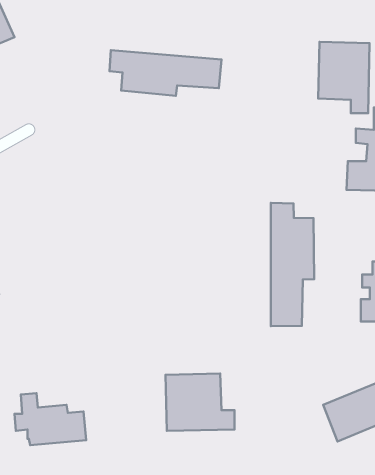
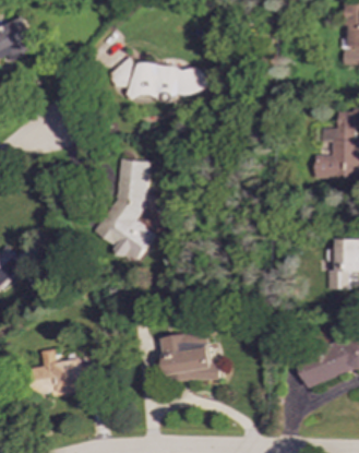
building: [318,42,369,113] -> none
building: none -> [92,158,153,259]
building: [271,203,314,326] -> none

